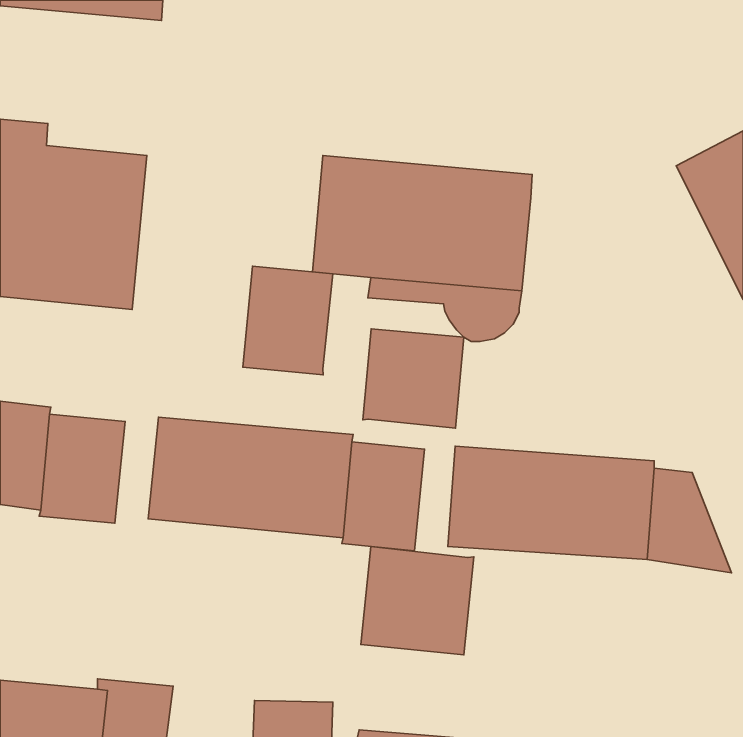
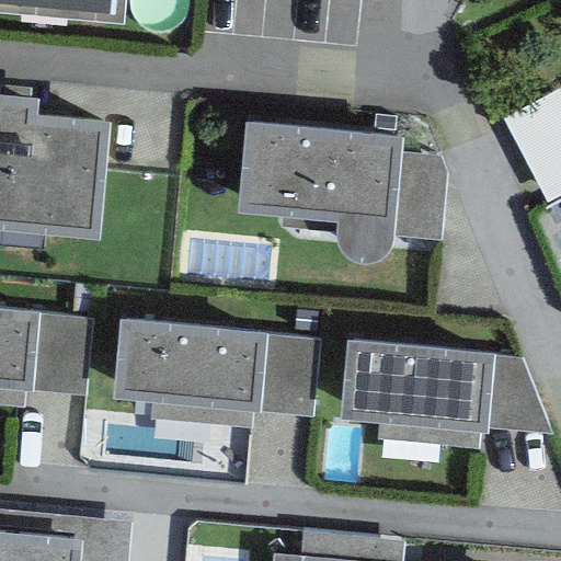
building: none -> [391,153,446,240]
building: [243,266,333,375] -> none
building: [363,329,464,428] -> none
building: [361,547,474,655] -> none

